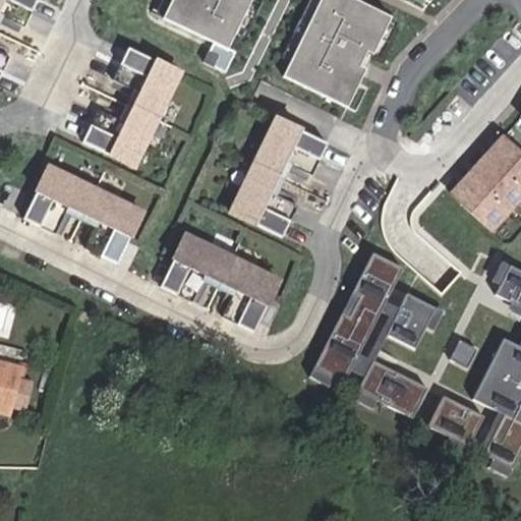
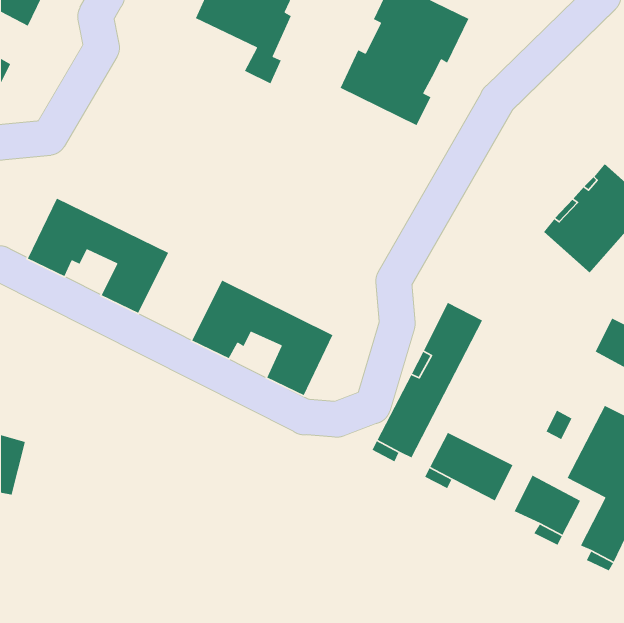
building: [83,45,180,163] -> none
building: [232,116,329,234] -> none
building: [387,291,436,346] -> none

